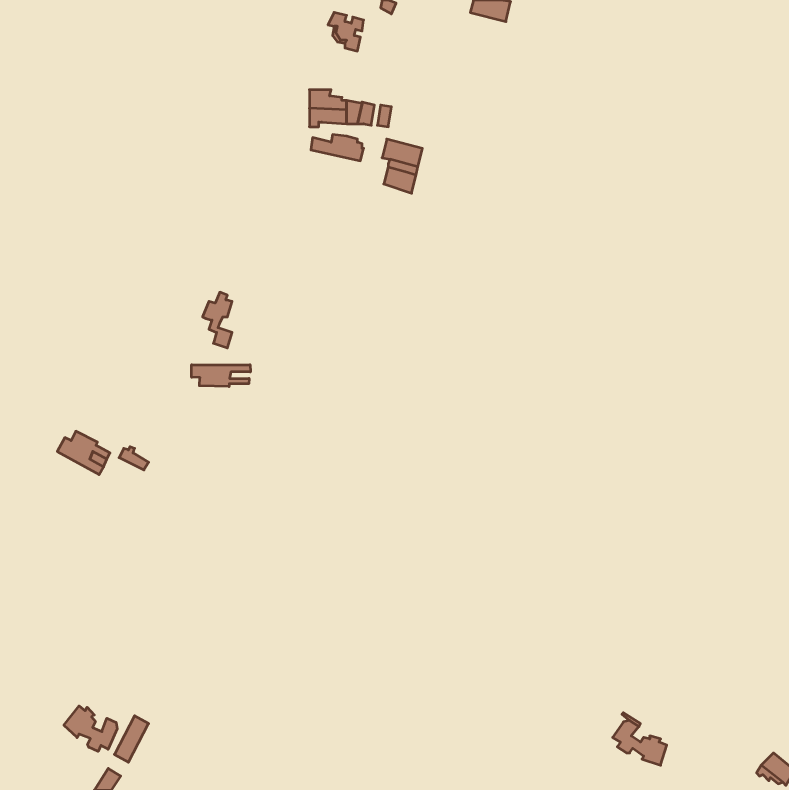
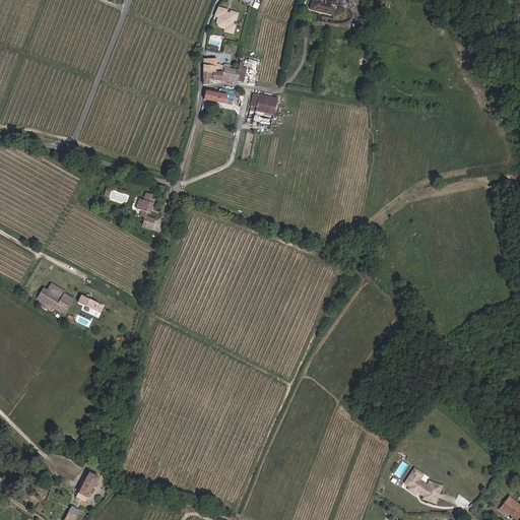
building: [192,365,250,387] -> none
building: [64,706,117,751] -> none

